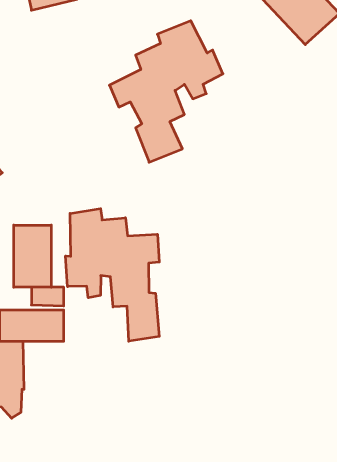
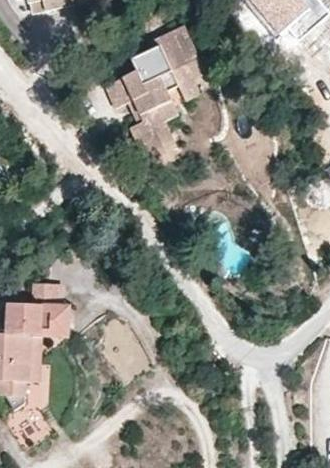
building: [66,209,159,341] -> none
building: [14,225,51,287] -> none

